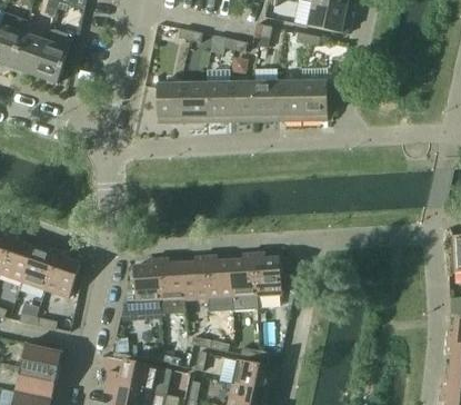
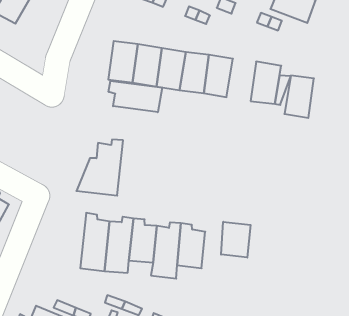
building: [277,80,301,120] -> [284,76,314,118]
building: none -> [109,81,162,112]
building: none -> [221,222,251,258]
building: [119,258,160,316] -> [76,140,123,196]

